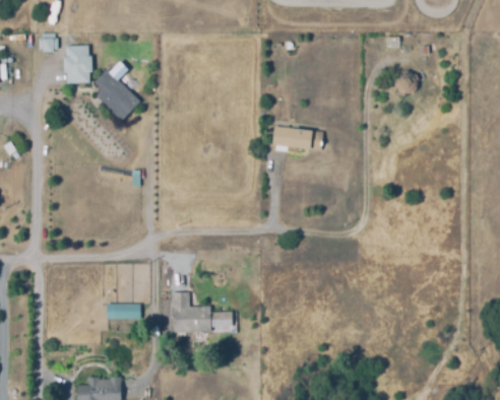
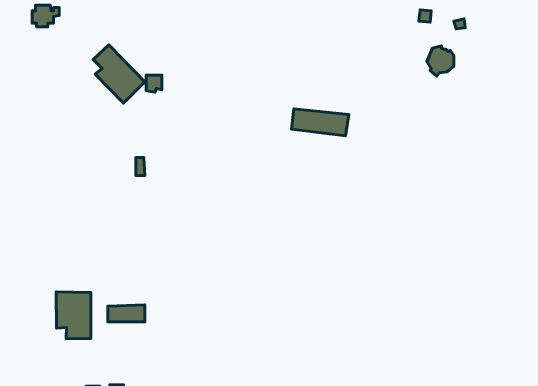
building: [64,48,90,83] -> none
building: none -> [56,292,91,339]
building: [172,293,223,333] -> none

